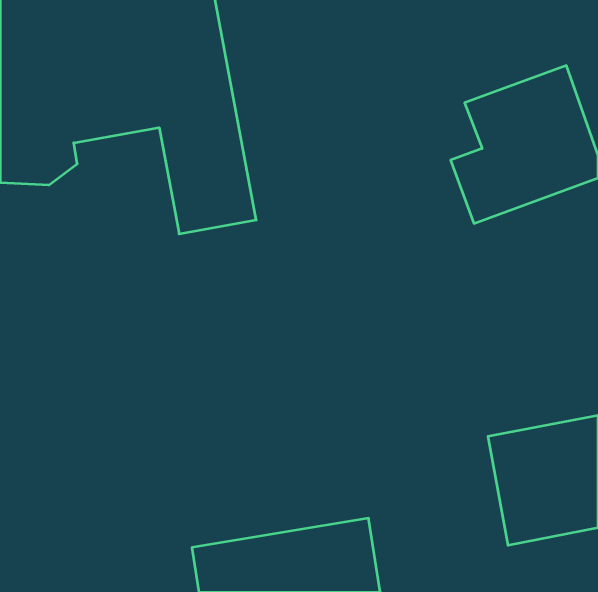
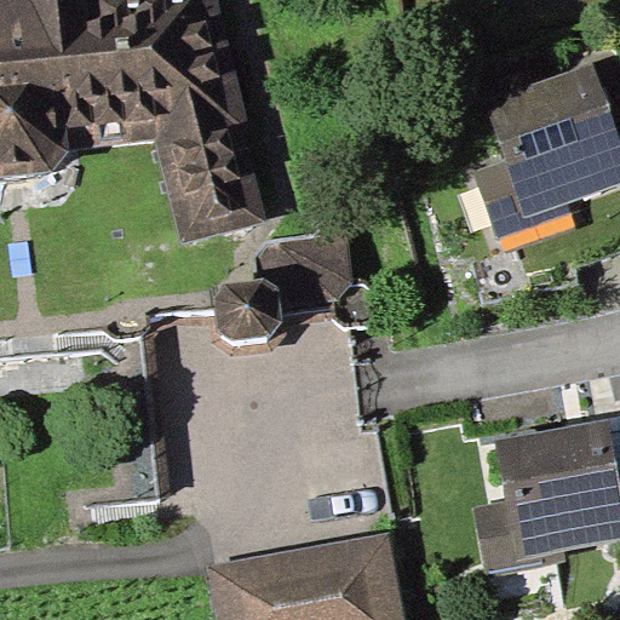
building: none -> [200,231,349,356]

